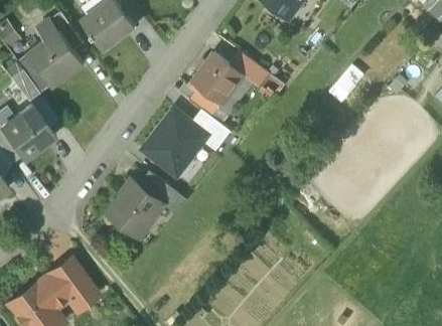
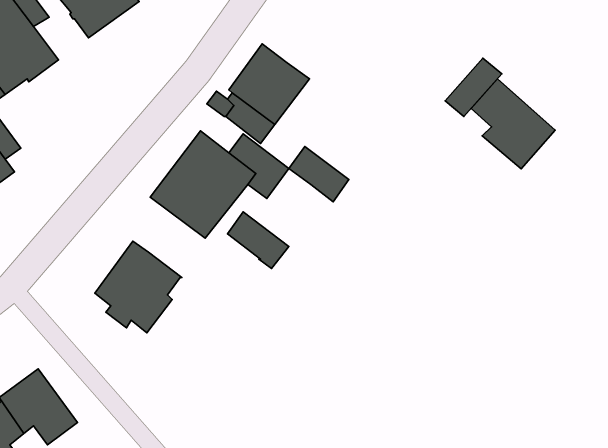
building: [230,51,268,87] -> [289,147,349,202]
building: none -> [471,79,555,169]
building: [141,172,180,208] -> [227,212,289,269]

